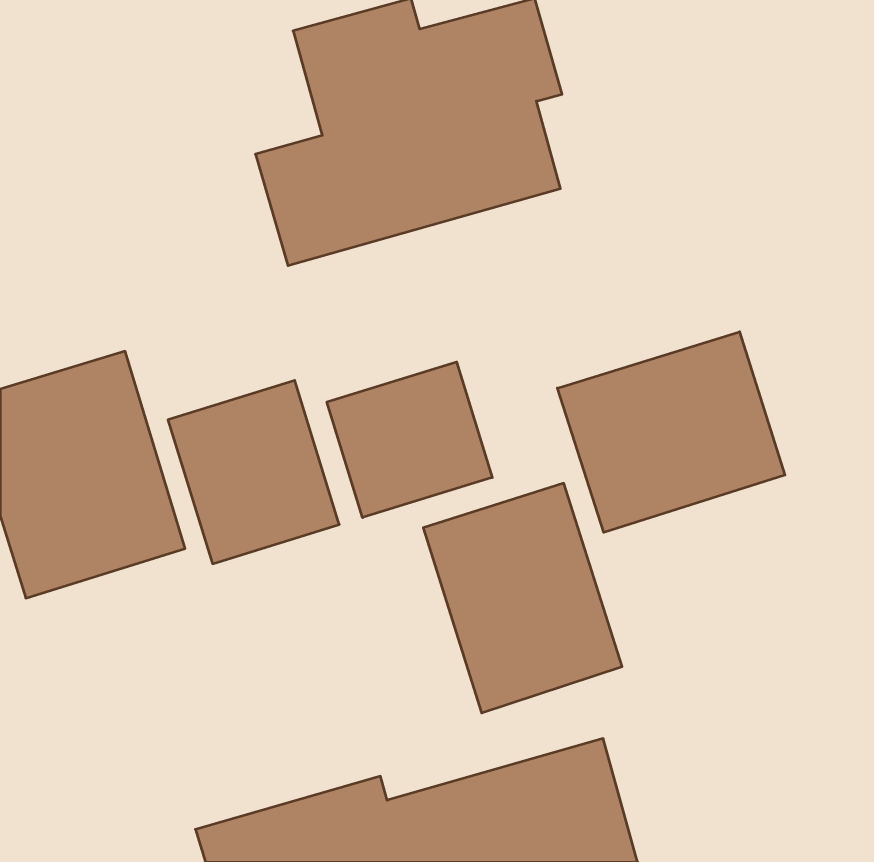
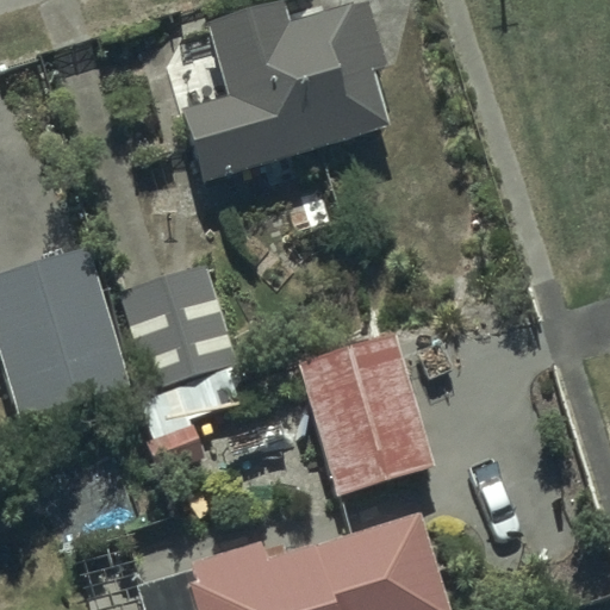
building: [557,332,785,532] -> none
building: [327,362,492,518] -> none

